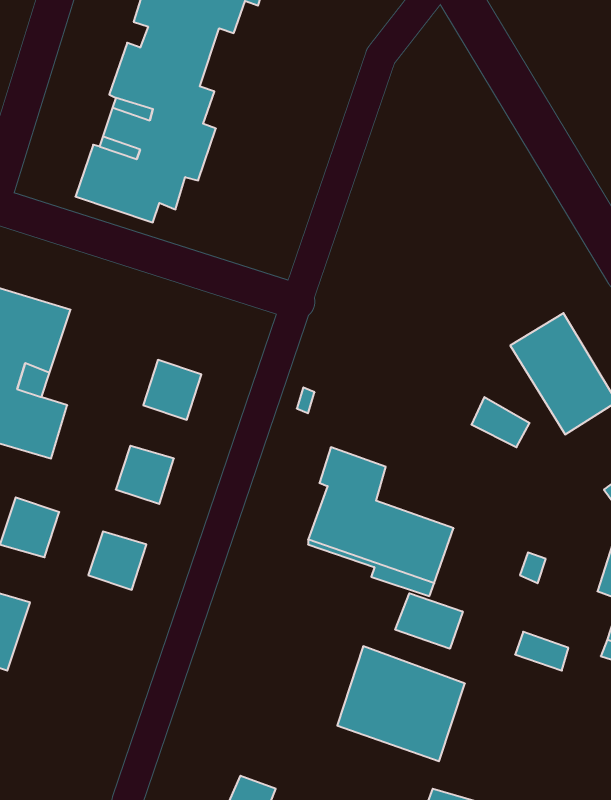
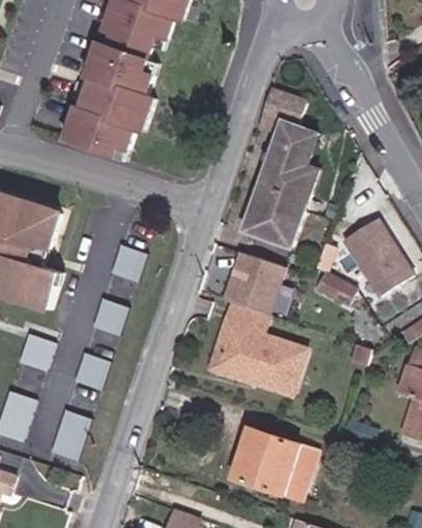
building: none -> [246,87,319,243]
building: none -> [230,249,290,307]
building: [395,593,463,649] -> none
building: none -> [50,410,91,461]

